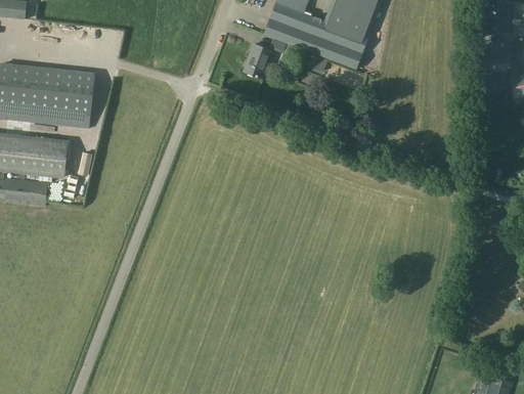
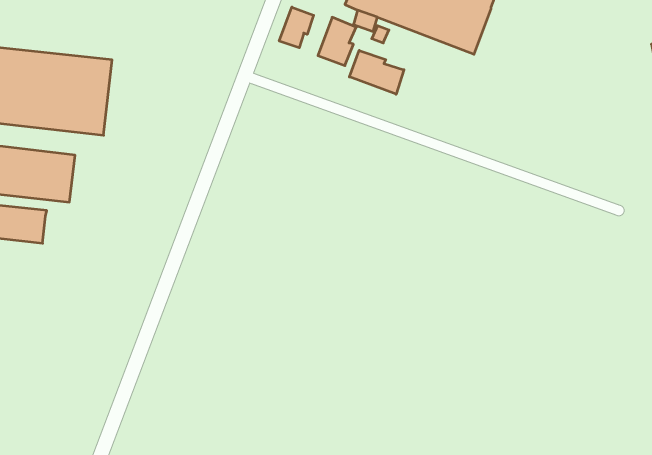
building: none -> [279,7,314,48]
building: none -> [349,50,404,94]

